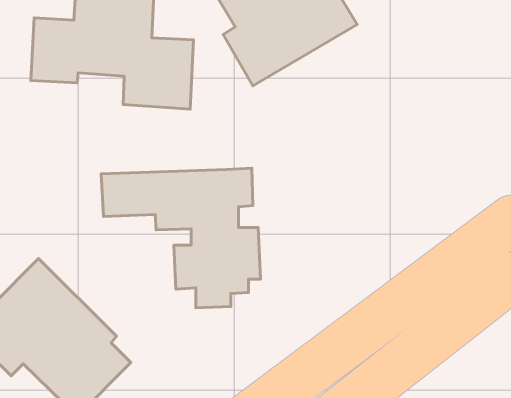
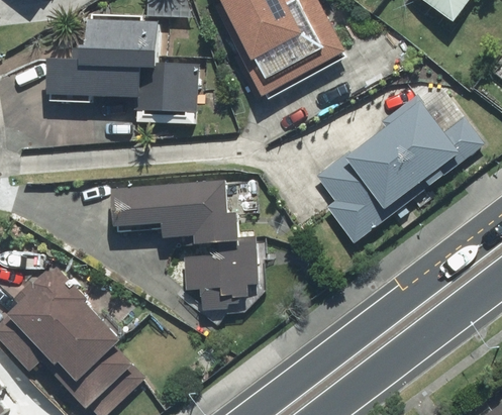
building: none -> [301,99,483,243]

